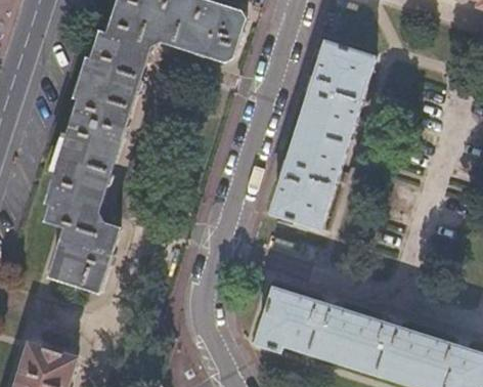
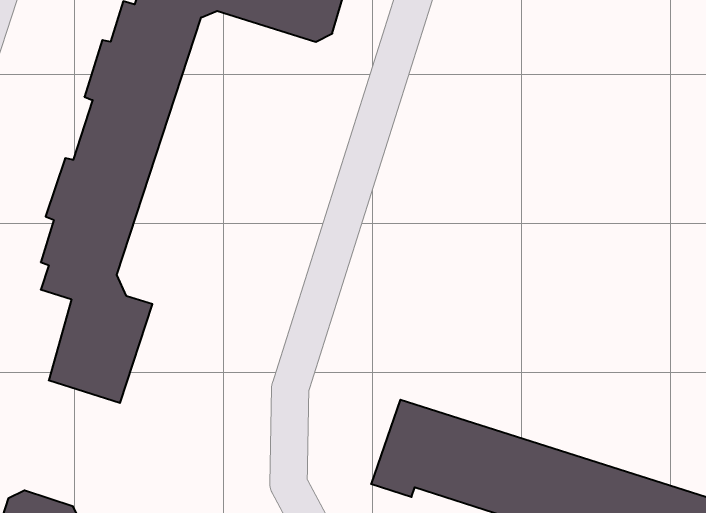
building: [273,42,374,229] -> none

